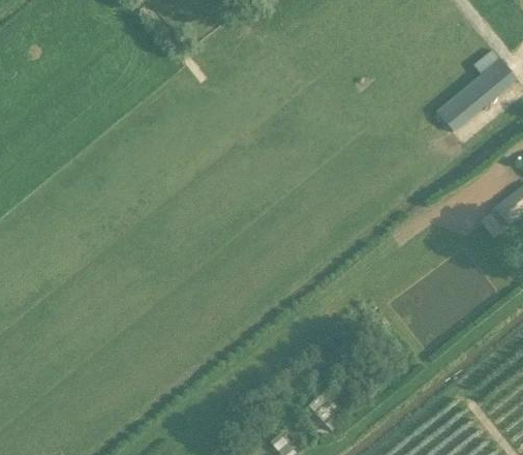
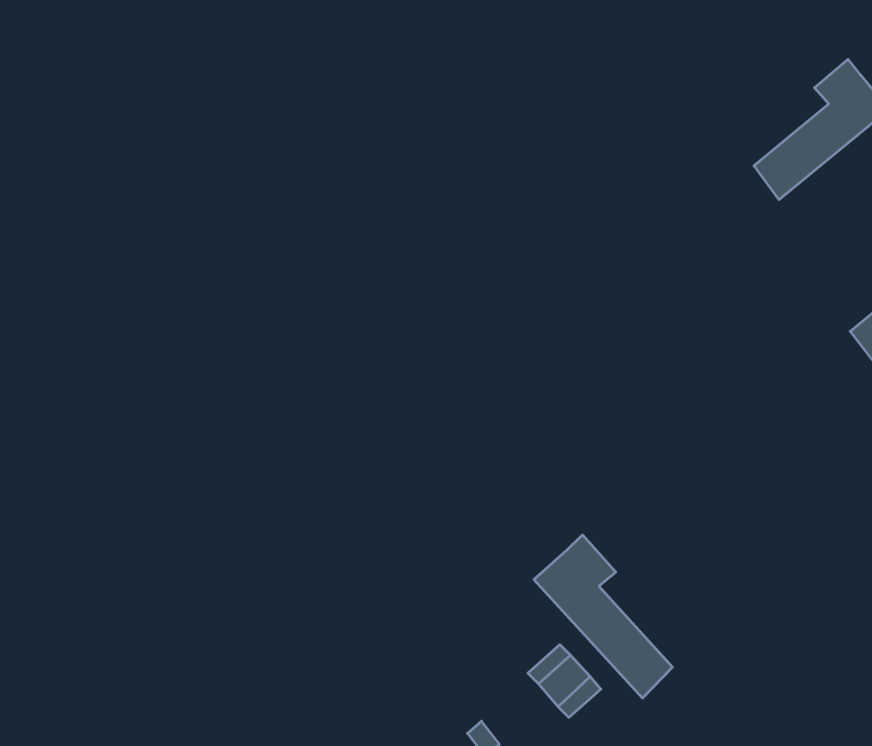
building: none -> [534,535,672,698]

